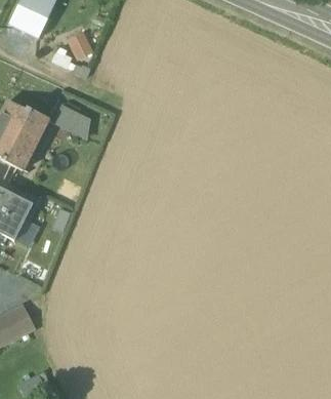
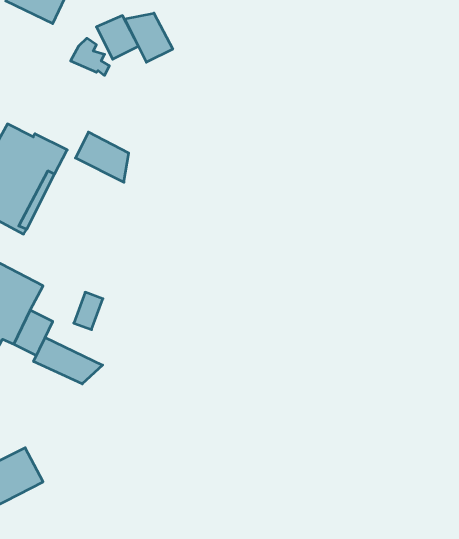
building: none -> [125,13,173,62]
building: none -> [34,338,103,384]

